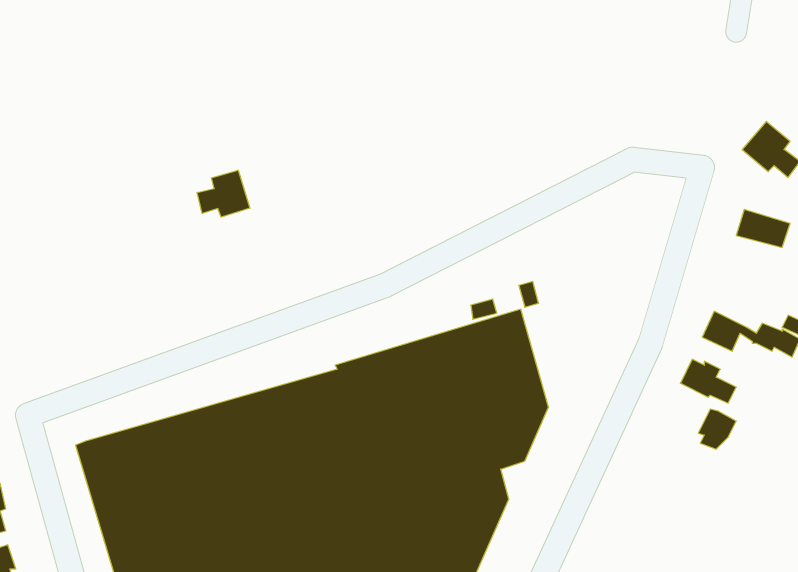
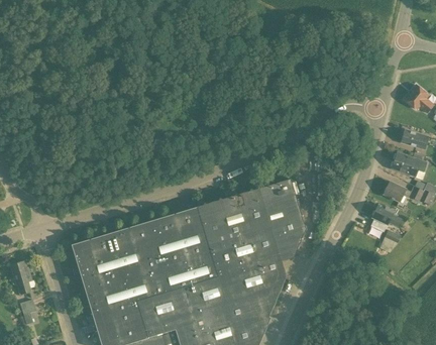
building: [197,170,250,217] -> none
building: none -> [392,150,428,176]

